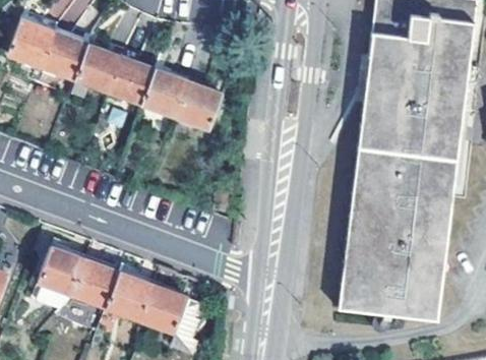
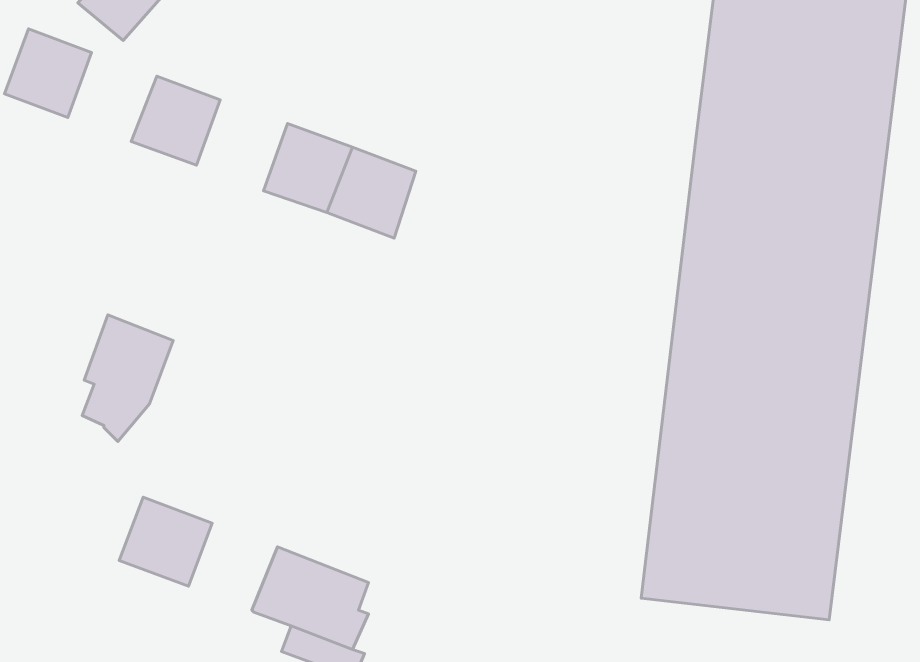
building: [44,32,89,77] -> none
building: [110,56,157,103] -> none
building: [36,247,82,312] -> [82,315,173,441]
building: [106,274,151,319] -> none

